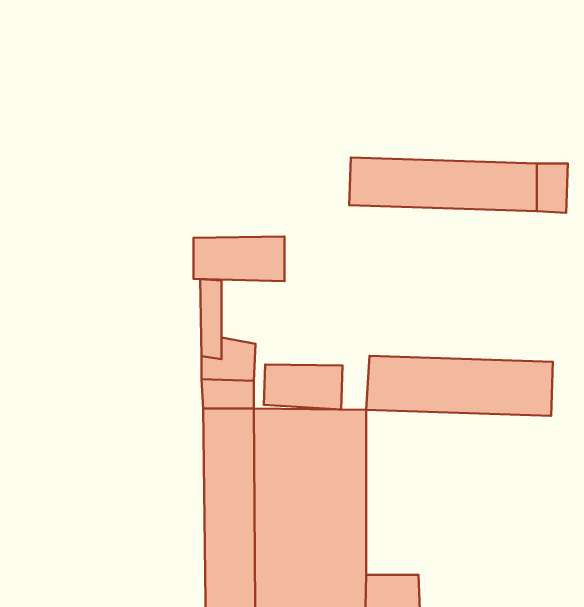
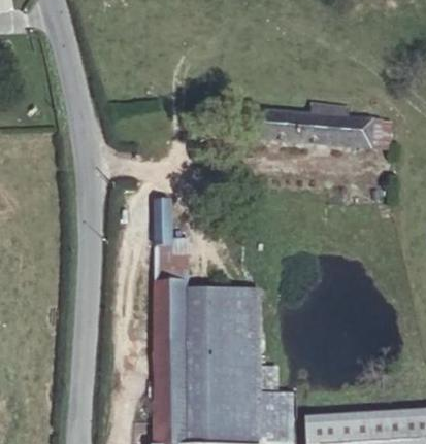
building: [194,237,284,281] -> none
building: [366,356,553,416] -> none
building: [264,365,343,410] -> none

